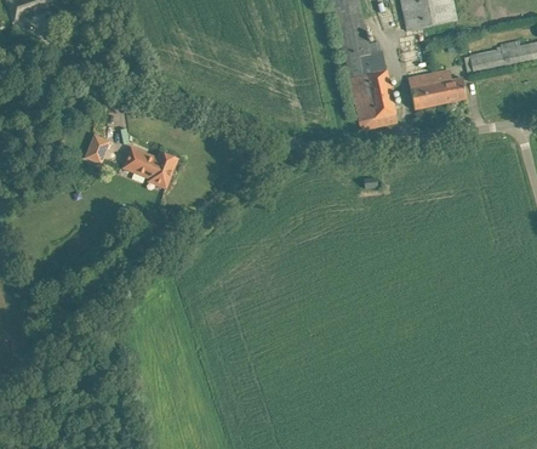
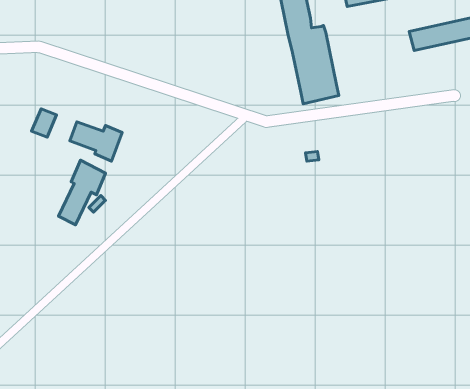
building: [407,68,467,108] -> none
building: none -> [59,160,106,225]

